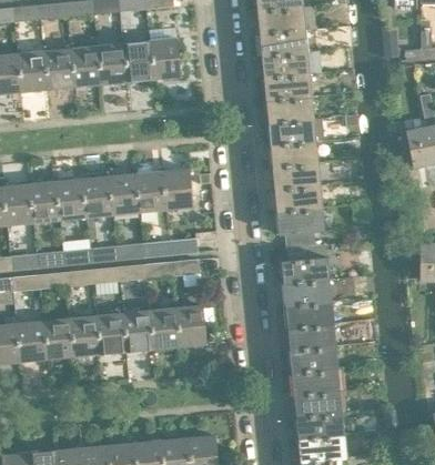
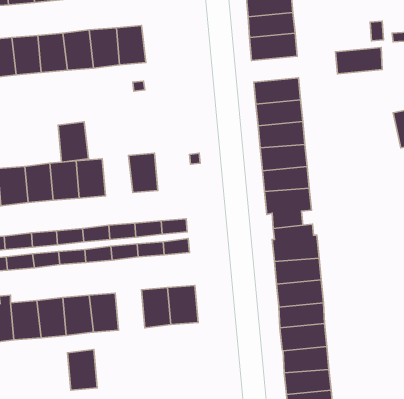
building: [150,39,181,79] -> none
building: [262,72,310,99] -> [335,48,382,74]
building: [163,169,194,209] -> none
building: [110,173,141,214] -> [58,122,89,162]
building: [123,310,153,351] -> [68,350,97,390]

